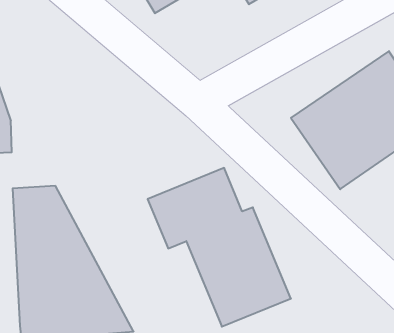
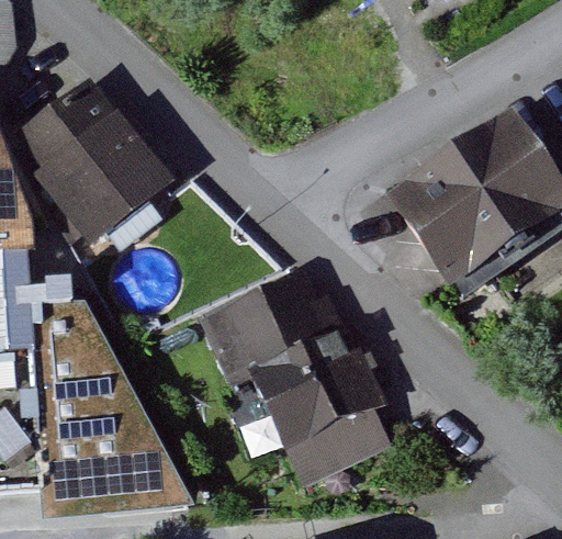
building: none -> [14,75,171,238]

